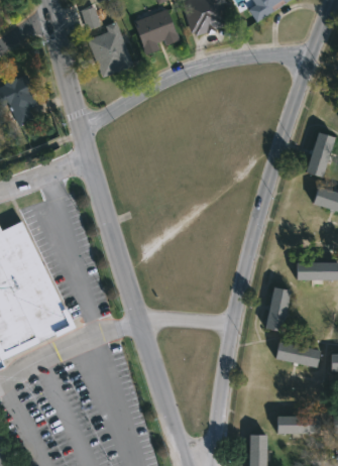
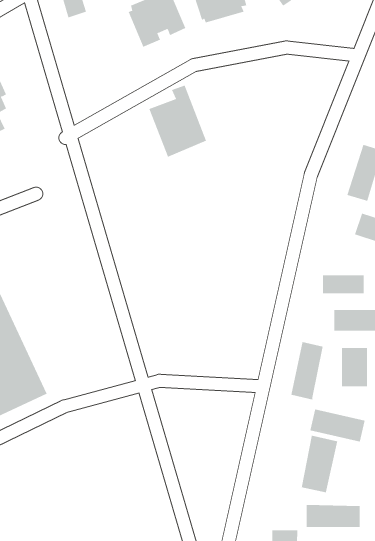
building: [87,21,133,79] -> [148,85,207,157]
building: none -> [323,274,364,294]
building: none -> [342,347,367,387]
building: none -> [301,435,338,493]

